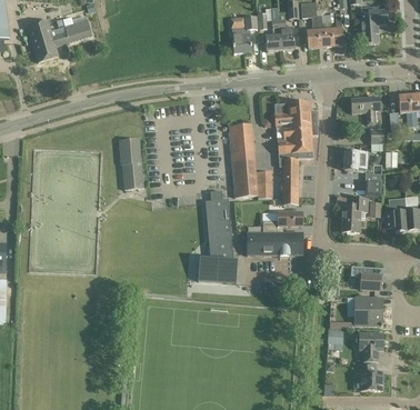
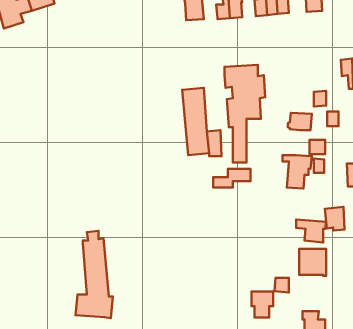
building: [351,97,381,123] -> none
building: [120,137,143,189] -> none
building: [198,190,238,283] -> [76,231,113,318]
building: [386,206,407,231] -> [325,207,345,231]
building: [247,231,302,256] -> none
building: [359,333,382,361] -> [251,291,273,317]

